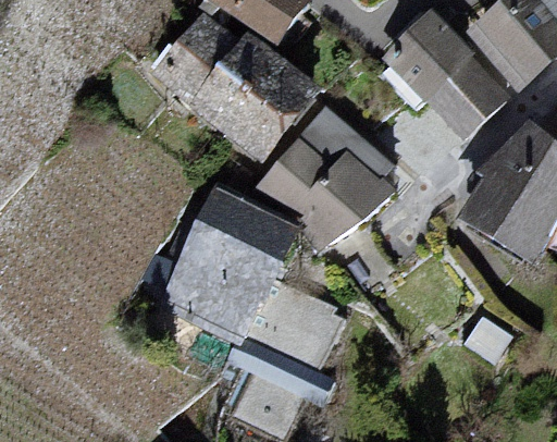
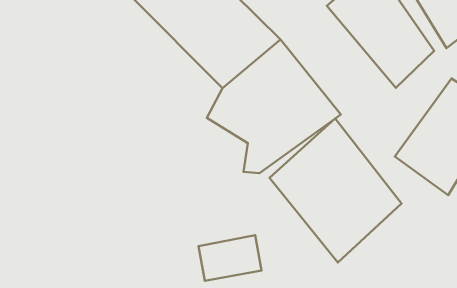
building: [163,183,300,345] -> none
building: none -> [270,119,401,262]

